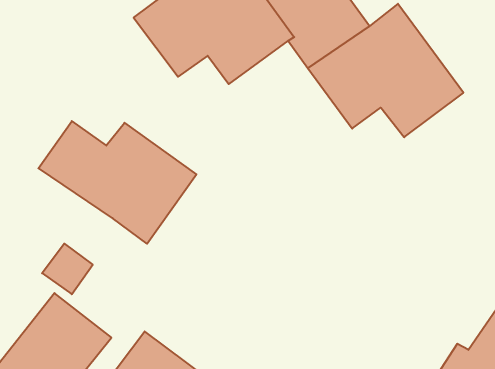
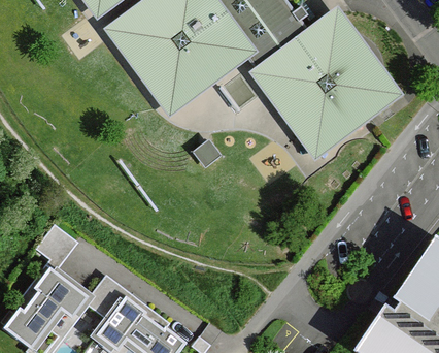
building: none -> [151,64,194,105]
building: none -> [297,107,340,151]
building: [38,121,196,244] -> none

